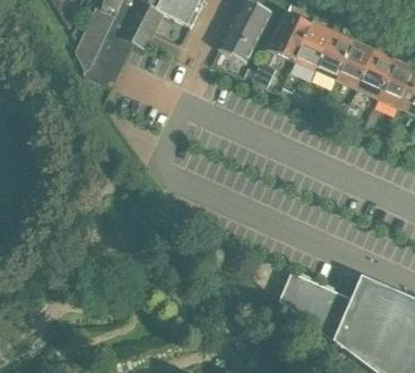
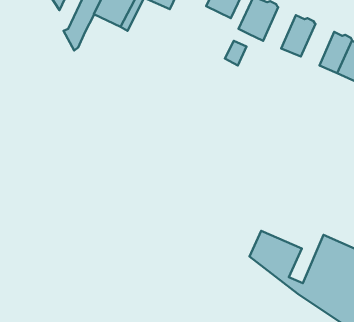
building: [218,23,259,64] -> none
building: [295,24,331,70] -> none
building: [84,33,132,89] -> none
building: [337,43,374,88] -> none

